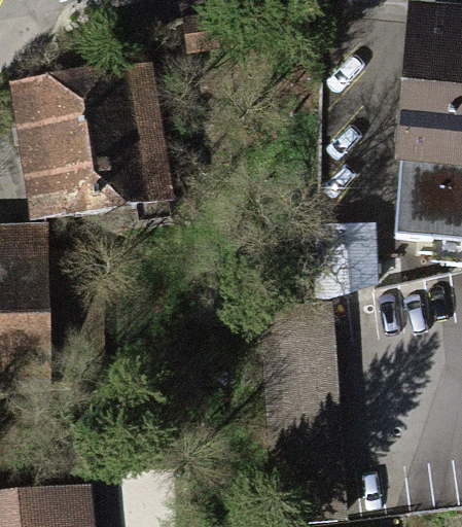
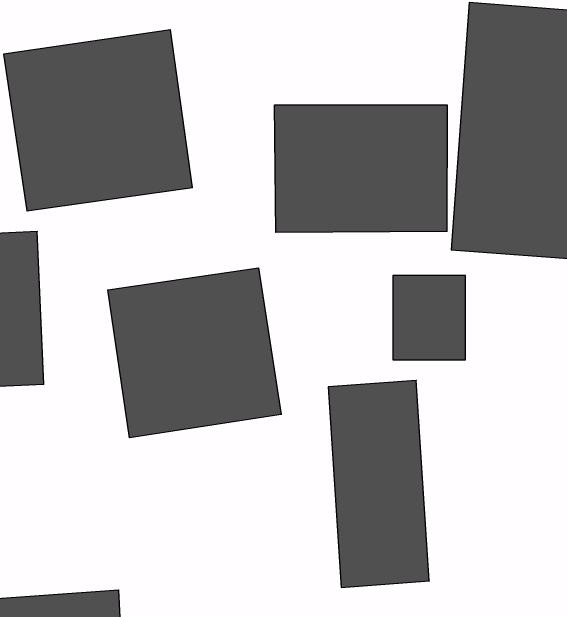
building: none -> [275,105,447,232]
building: none -> [108,268,281,438]

